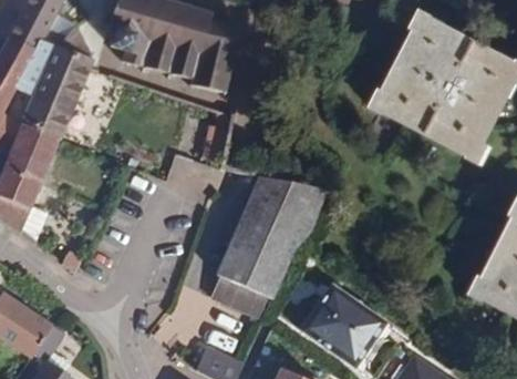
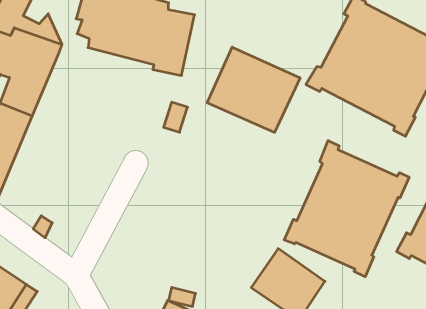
building: none -> [207,47,300,132]
building: none -> [284,141,409,277]
building: [211,176,328,318] -> none

